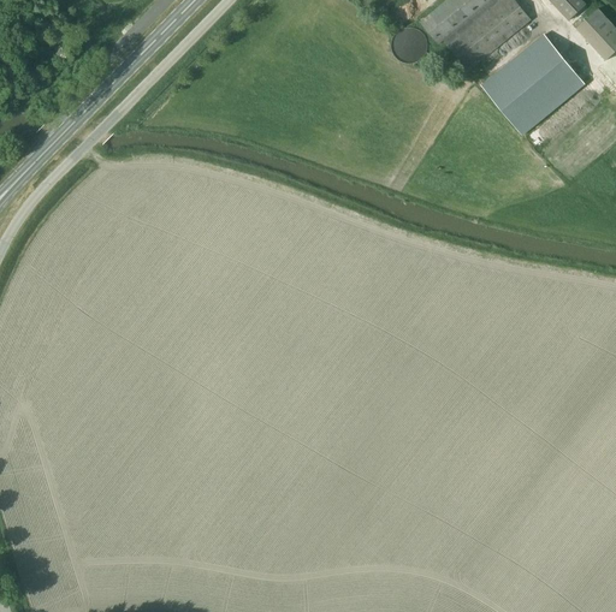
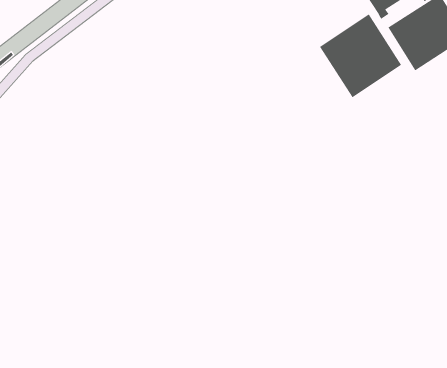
building: none -> [319,14,402,98]

